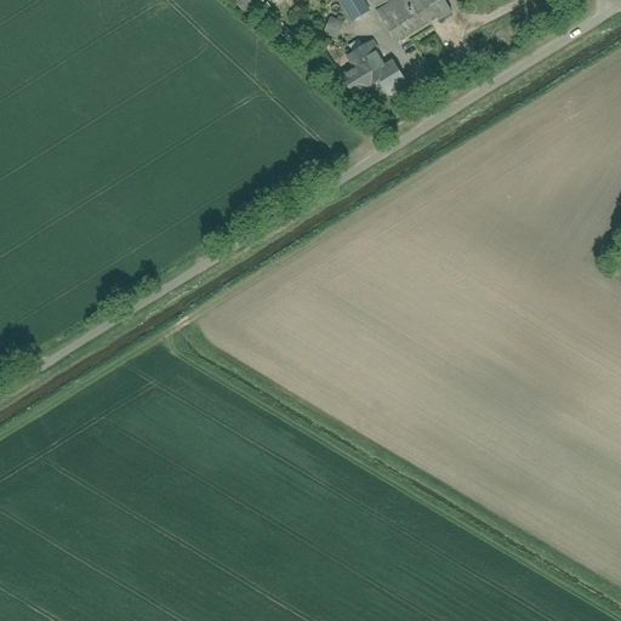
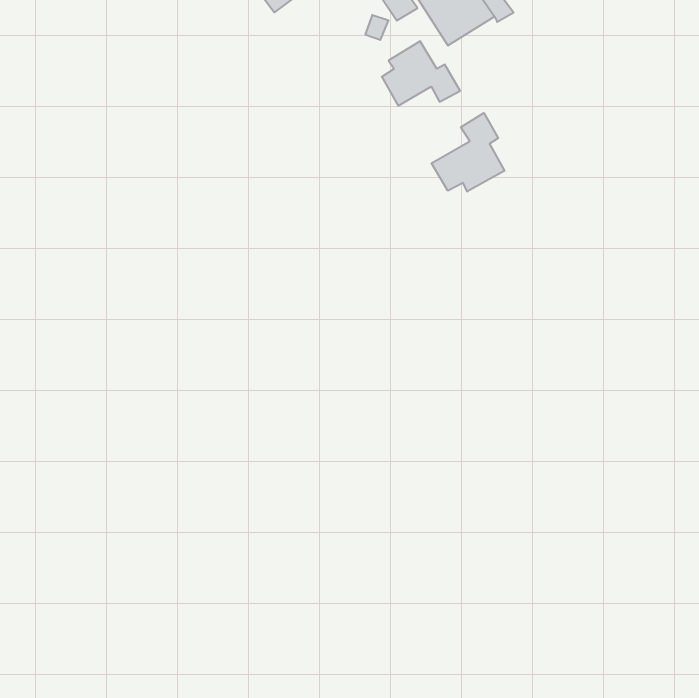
building: none -> [432,113,504,192]

